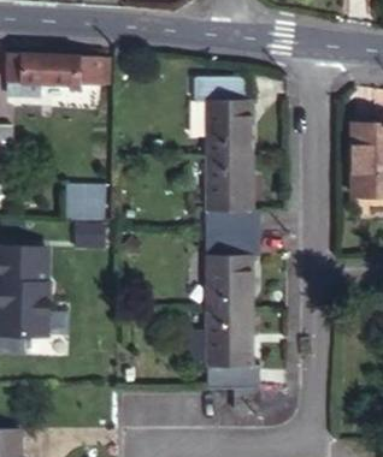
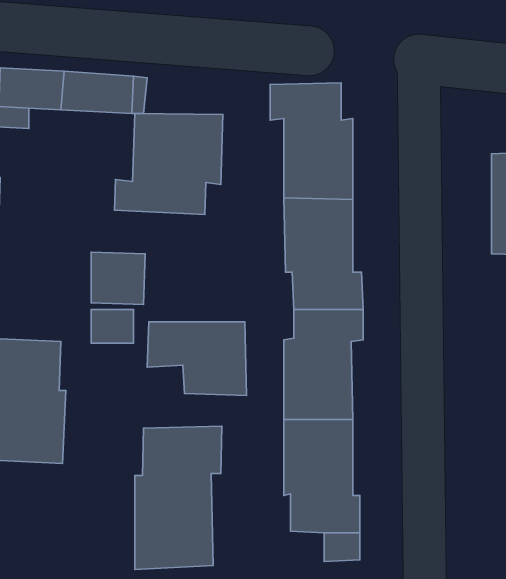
building: none -> [114,113,223,214]
building: none -> [147,322,246,396]
building: none -> [135,426,222,570]

